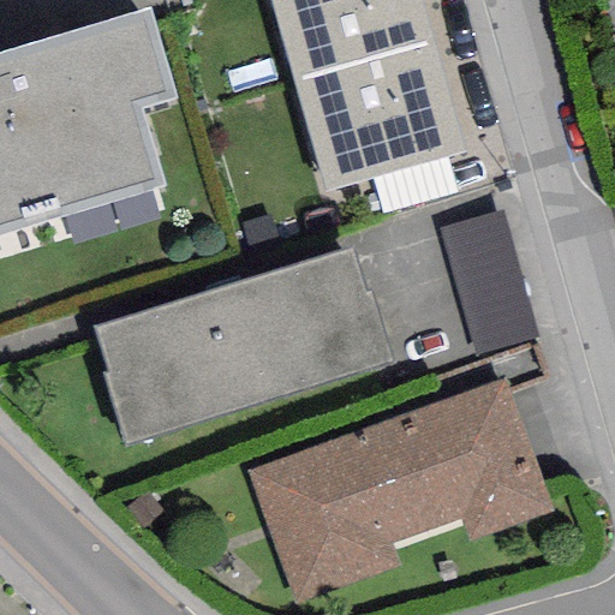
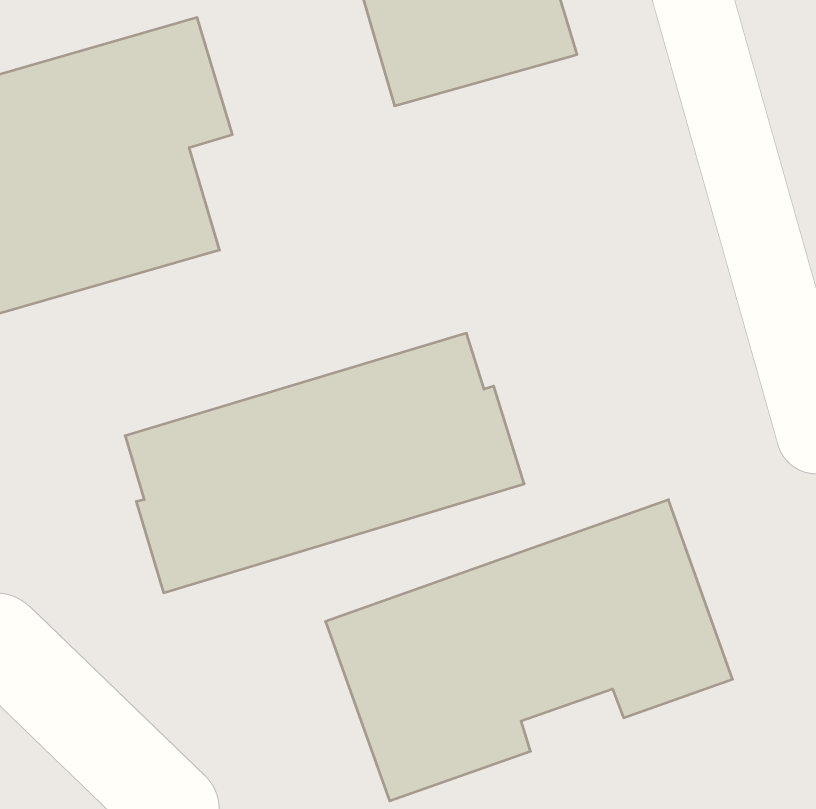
building: [295,41,460,192] -> none
building: [452,205,545,347] -> none

